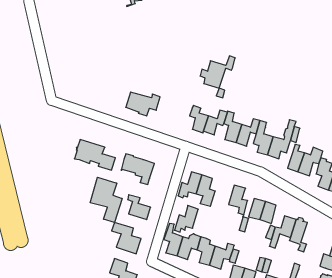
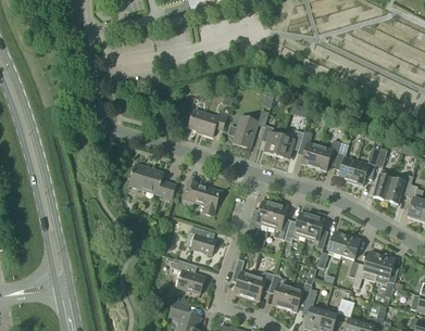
building: [200,56,235,88] -> [228,110,268,147]
building: [90,177,122,222] -> none
building: [174,205,198,232] -> [285,211,312,241]

